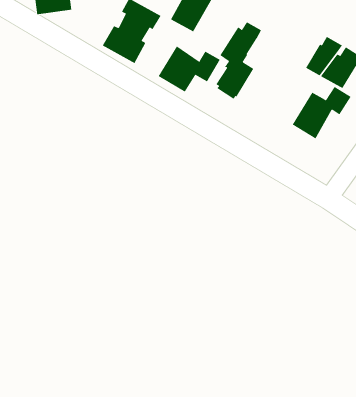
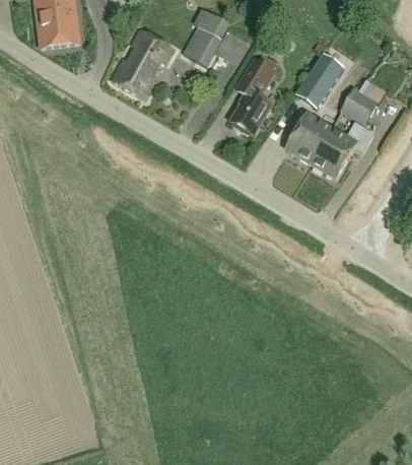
building: none -> [296,53,344,107]
building: [158,45,221,93] -> none
building: none -> [286,113,332,162]

